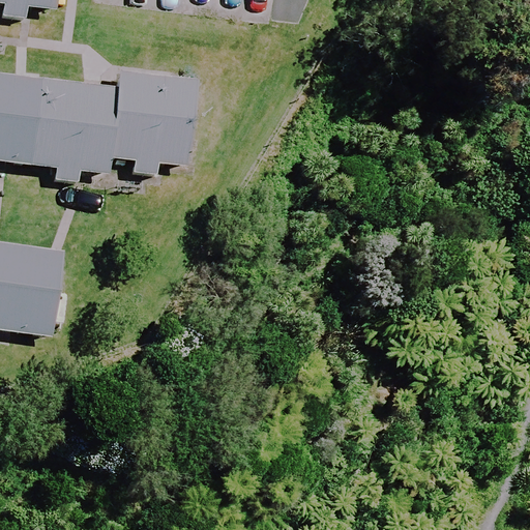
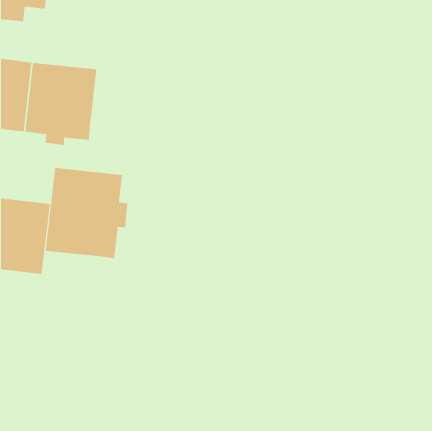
building: [111,70,195,173] -> none
building: none -> [45,167,128,259]

